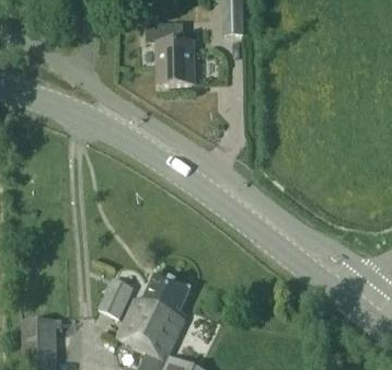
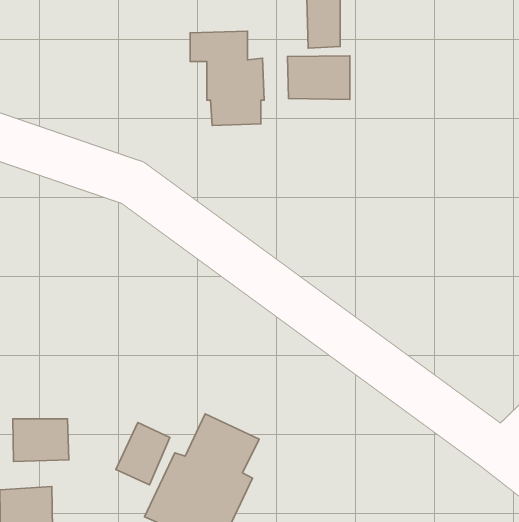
building: none -> [288,56,350,99]
building: none -> [13,419,69,461]

